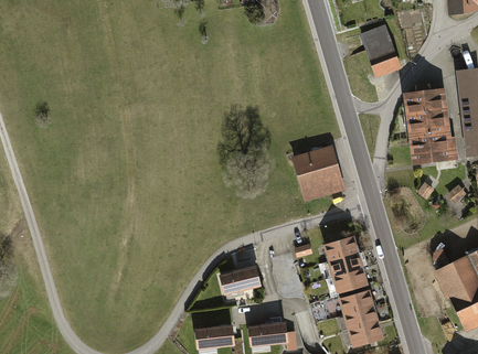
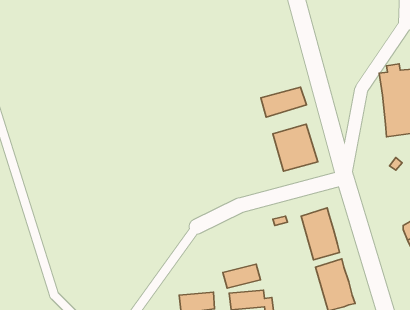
building: [361,28,396,73] -> none
building: none -> [261,87,306,117]
building: [219,268,258,293] -> [223,264,260,288]

